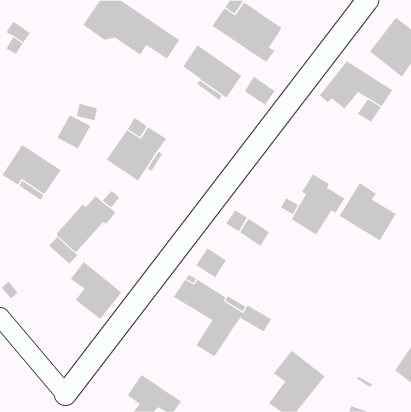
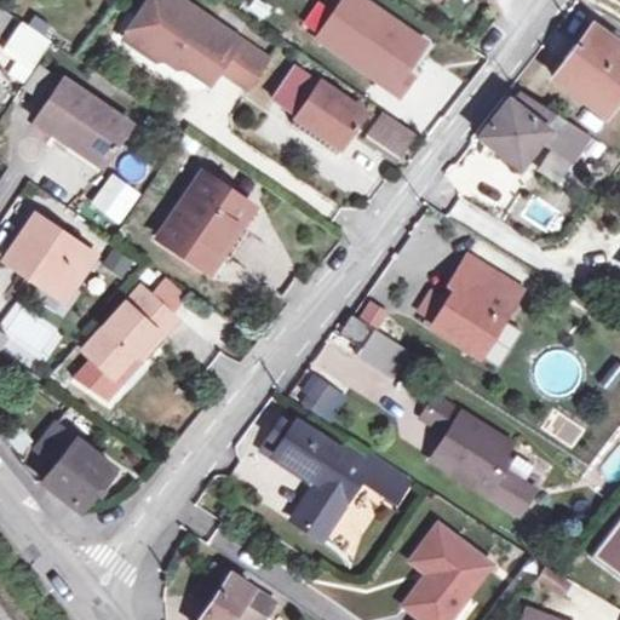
building: none -> [35,80,131,167]
building: [339,182,397,242] -> none
building: [70,261,122,320] -> [36,424,115,512]
building: none -> [423,395,534,512]

